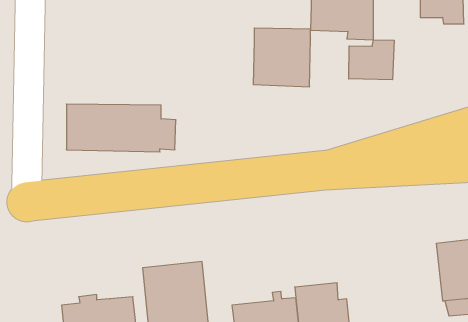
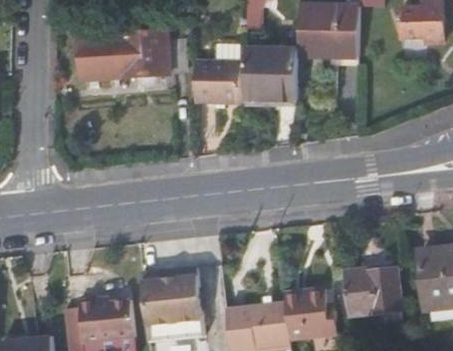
building: none -> [193,44,239,101]
building: [349,40,394,80] -> none
building: [66,104,176,152] -> [79,37,183,82]
building: none -> [341,267,402,314]

